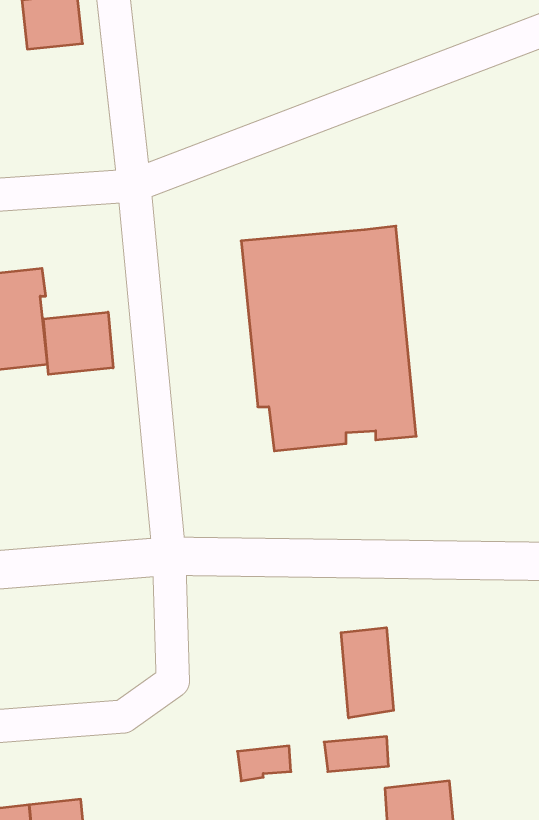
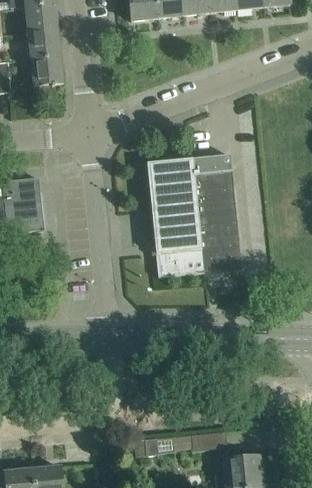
building: none -> [30,55,63,99]
building: [43,312,113,374] -> none
building: [341,628,394,718] -> none

